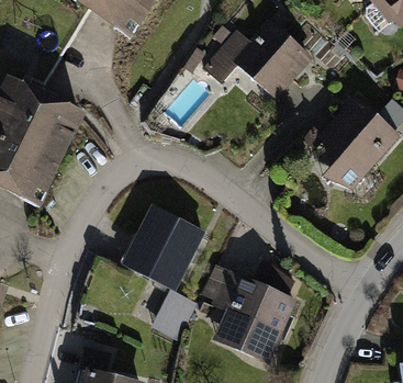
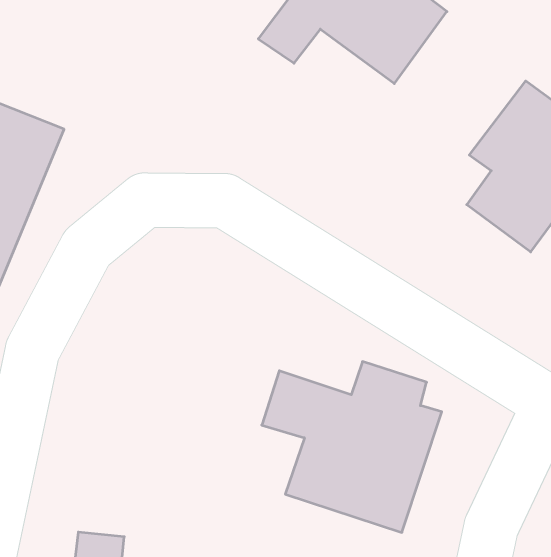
building: [113,199,194,335] -> none

